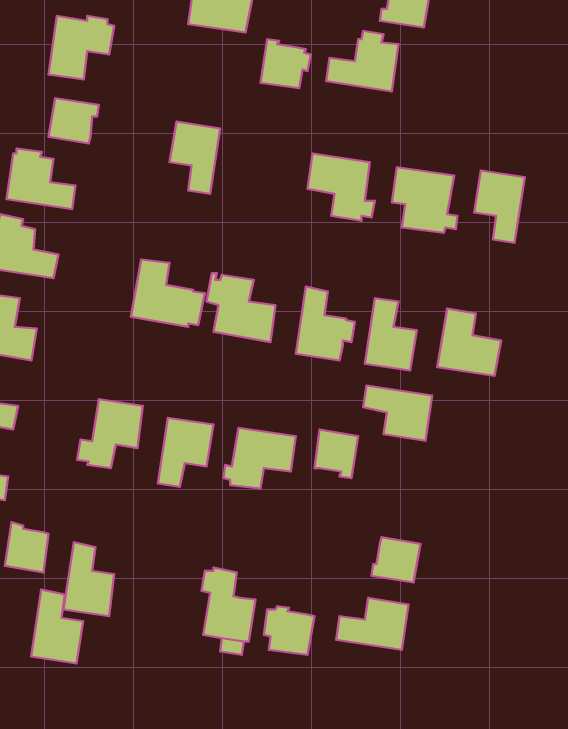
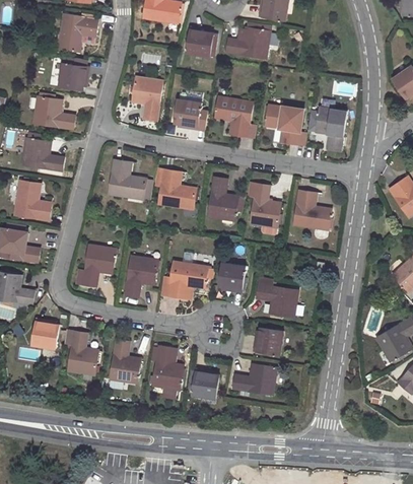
building: none -> [175,99,207,130]
building: [363,385,432,441] -> [257,284,298,318]
building: [31,589,83,663] -> [110,339,141,384]

